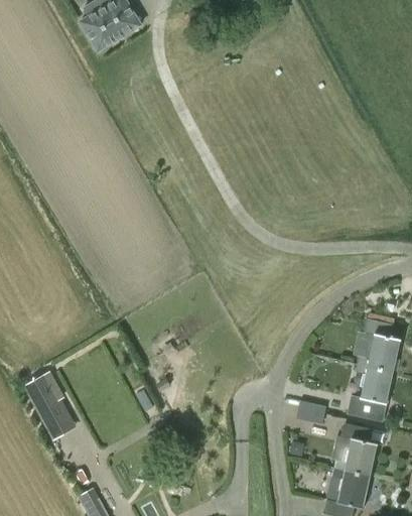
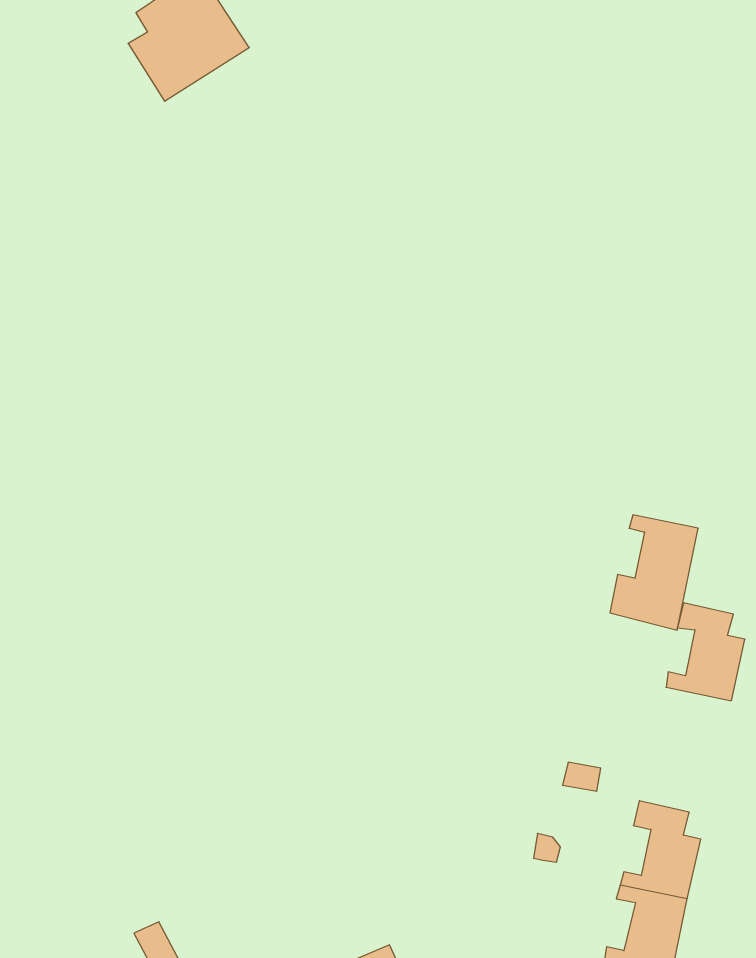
building: [347,363,393,423] -> [610,515,698,630]
building: [23,372,71,433] -> none

